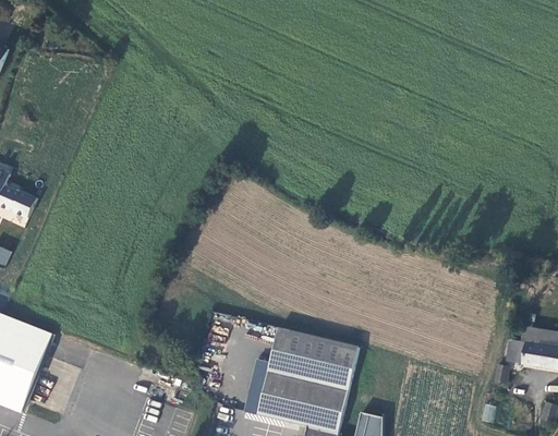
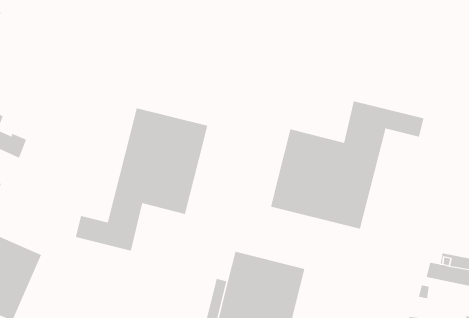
building: none -> [270,100,424,229]
building: none -> [75,108,208,251]

